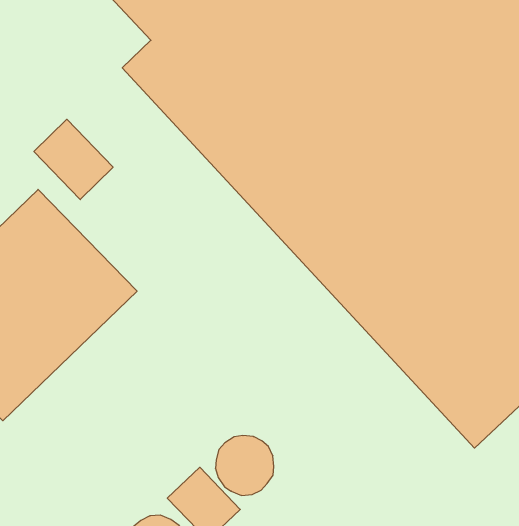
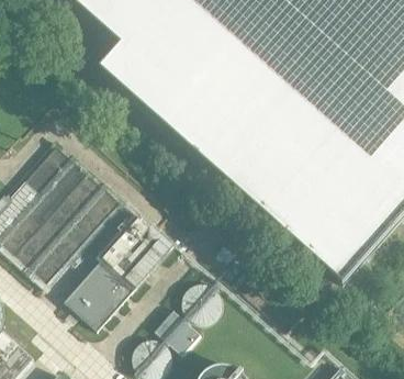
building: [34,119,113,200] -> none
building: none -> [63,215,170,328]

